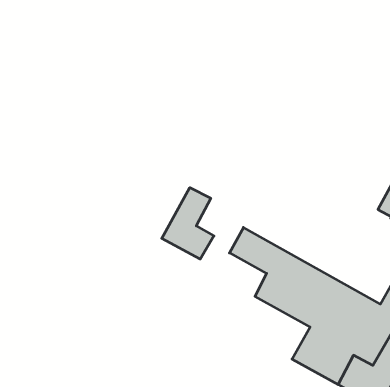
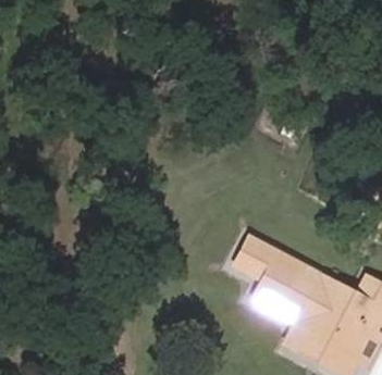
building: [162,188,214,259] -> none

